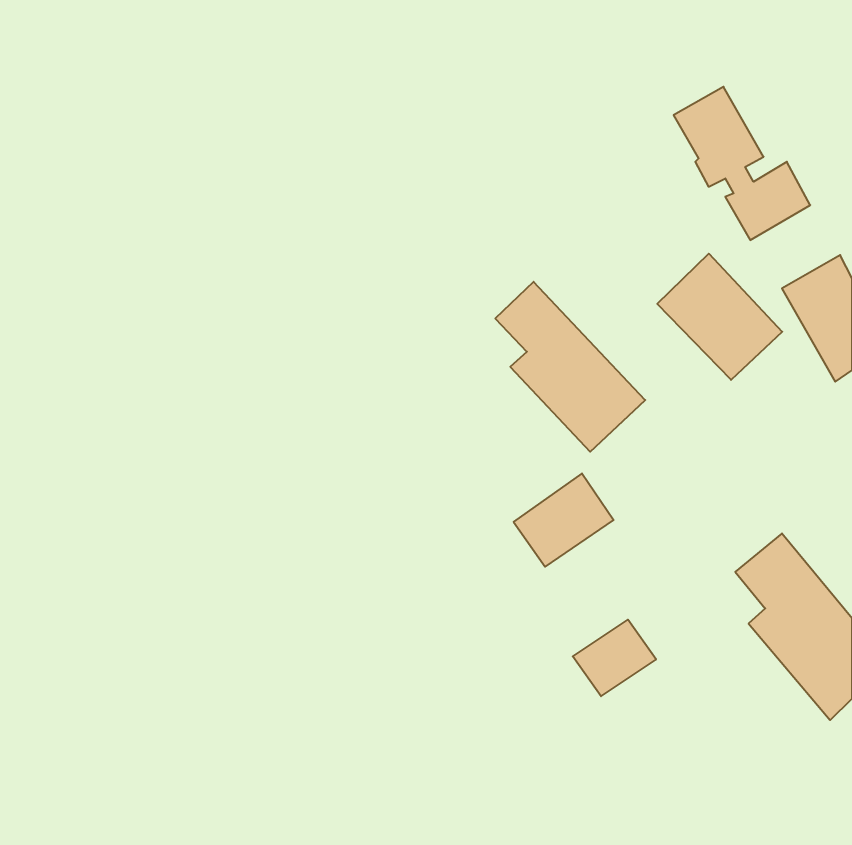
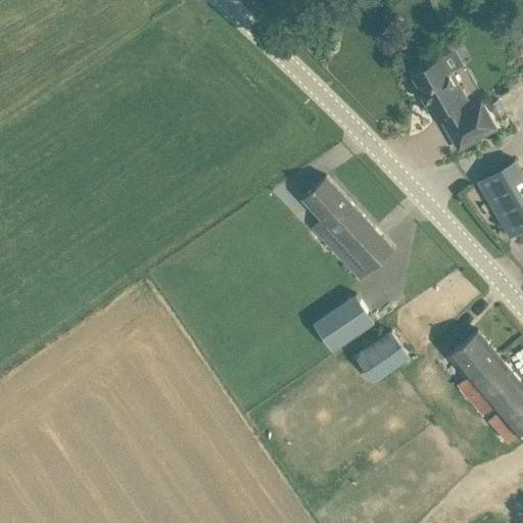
building: [657,254,782,380] -> none
building: [573,620,656,696] -> [358,333,409,380]

